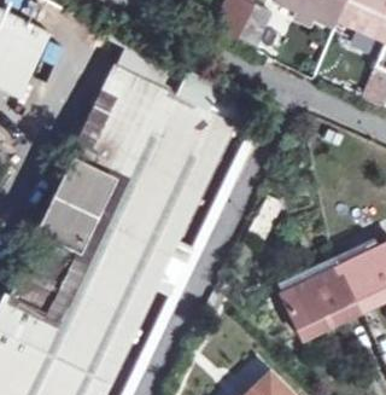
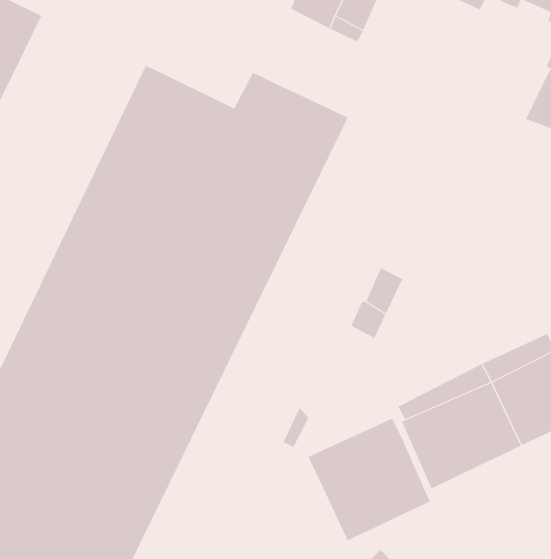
building: none -> [308,418,430,541]

